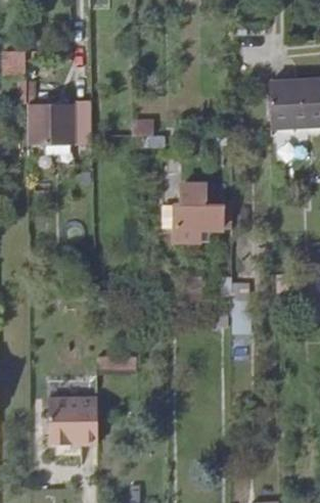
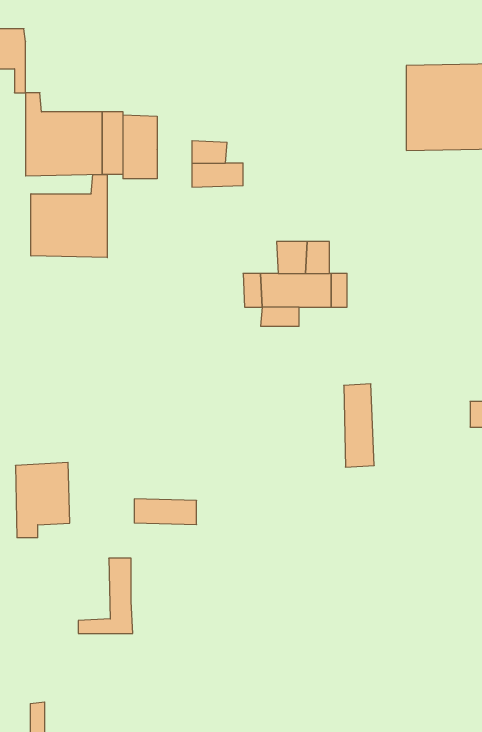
building: none -> [123,115,157,179]
building: none -> [31,175,107,258]
building: [46,390,81,438] -> [15,462,70,538]

